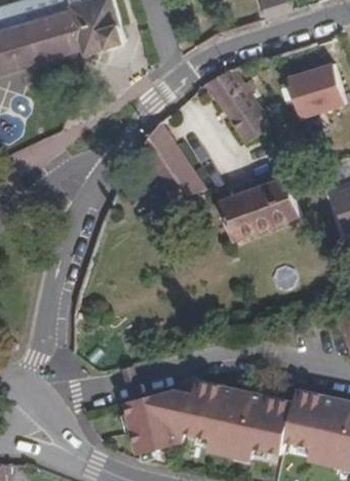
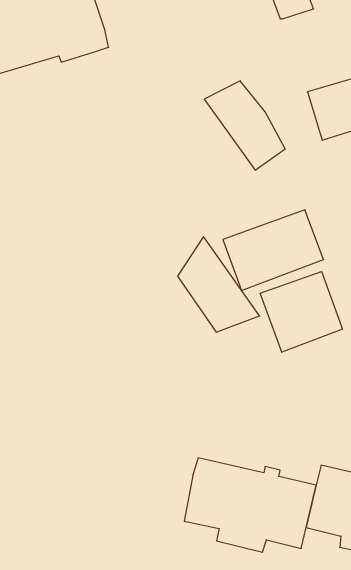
building: [138,124,205,203] -> [178,237,260,332]
building: none -> [260,272,342,352]
building: [126,390,193,452] -> none

